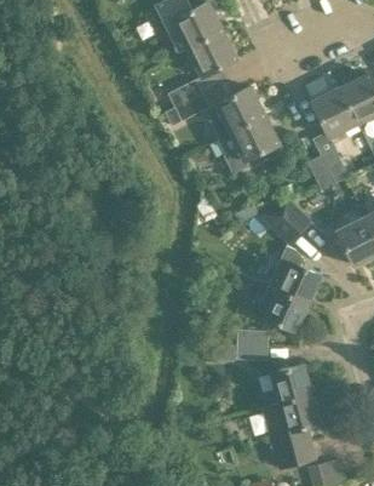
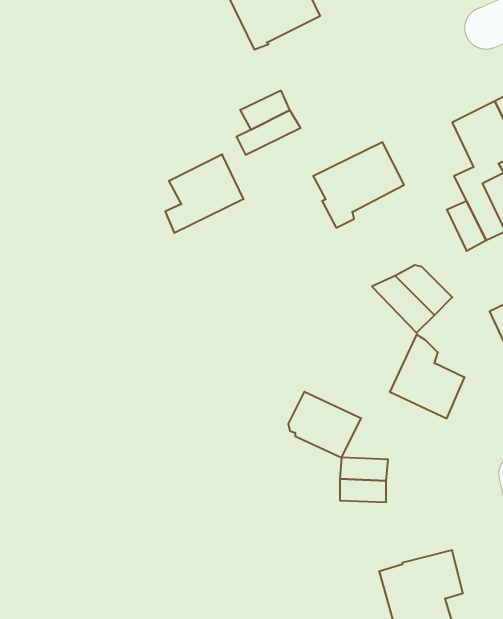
building: [186,29,237,76] -> none
building: [212,85,265,138] -> [165,154,244,233]
building: [259,285,309,330] -> [288,392,361,458]
building: [270,362,312,401] -> none

